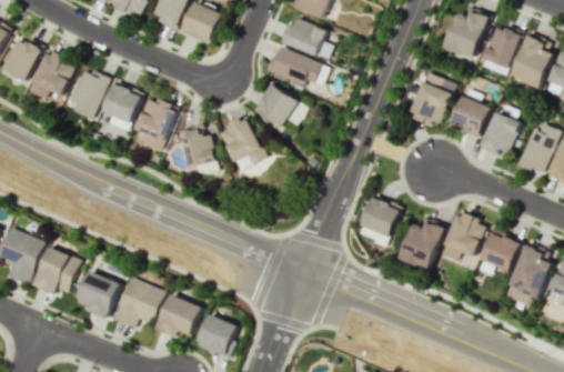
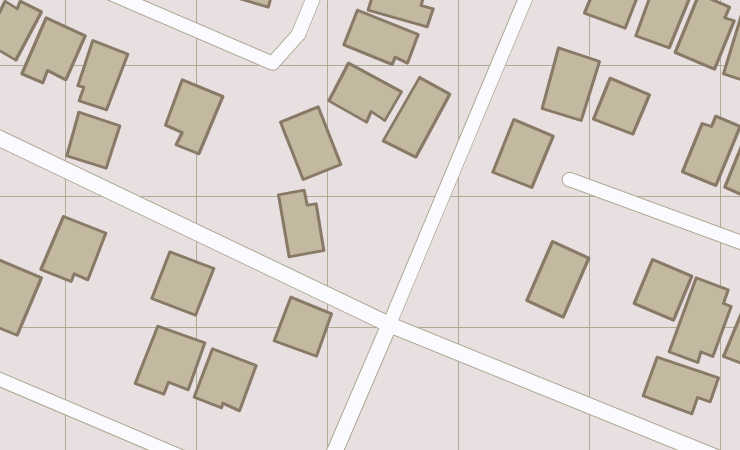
building: [102,81,141,122] -> [67,112,120,168]
building: none -> [383,78,450,157]
building: [479,111,517,154] -> none
building: [182,124,215,173] -> [278,190,324,257]
building: [356,195,401,245] -> [493,119,553,187]
building: [440,211,485,259] -> none
building: [32,247,80,294] -> [41,216,106,282]
building: [74,270,120,316] -> [152,252,214,315]
building: none -> [643,357,719,414]
building: [195,313,238,356] -> [274,297,332,356]

